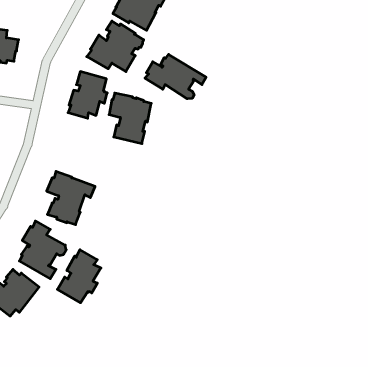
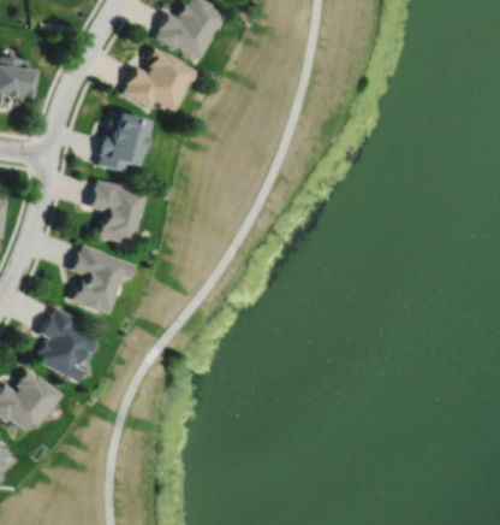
building: [145,54,206,99] -> none
building: [109,93,151,144] -> [91,178,145,243]
building: [57,250,101,303] -> none

